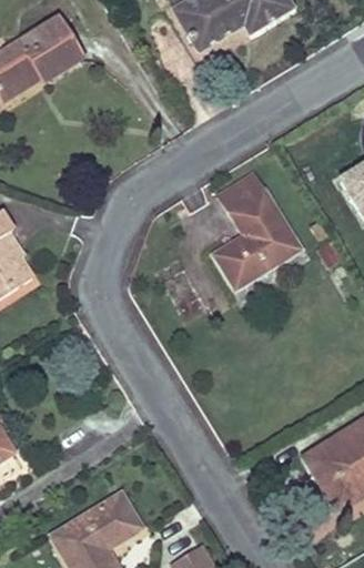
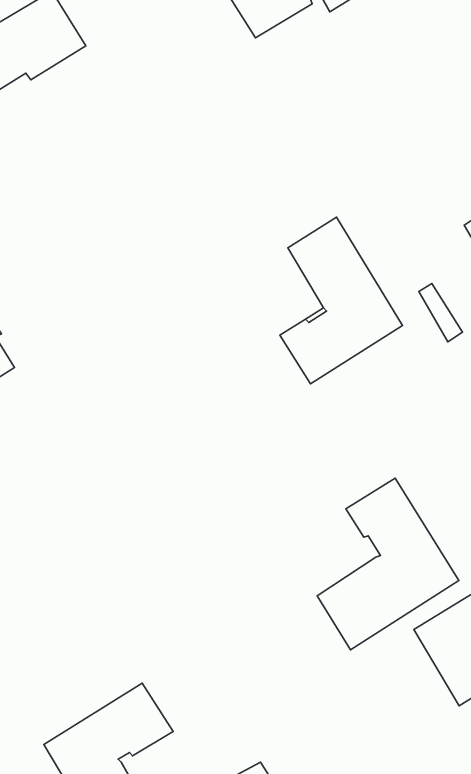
building: none -> [317,478,459,650]

